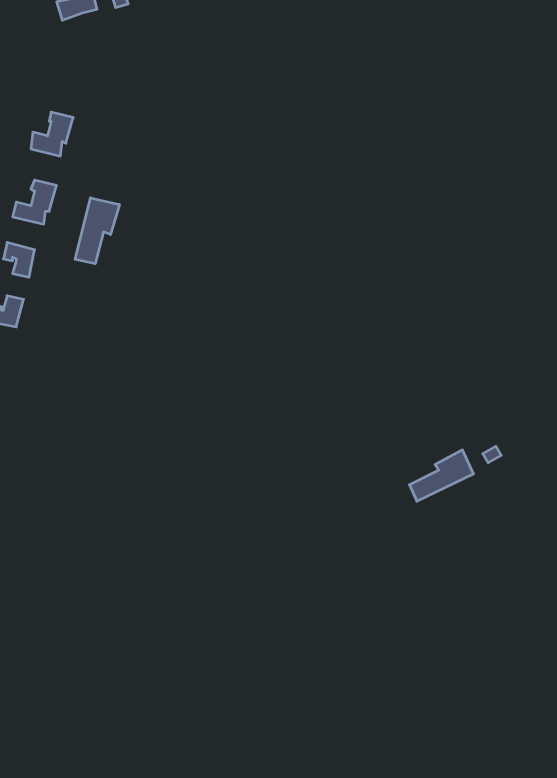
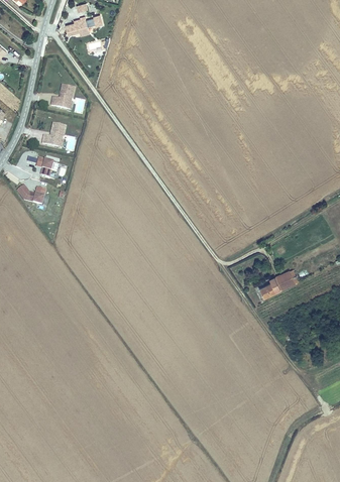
building: [75,198,119,264] -> none

